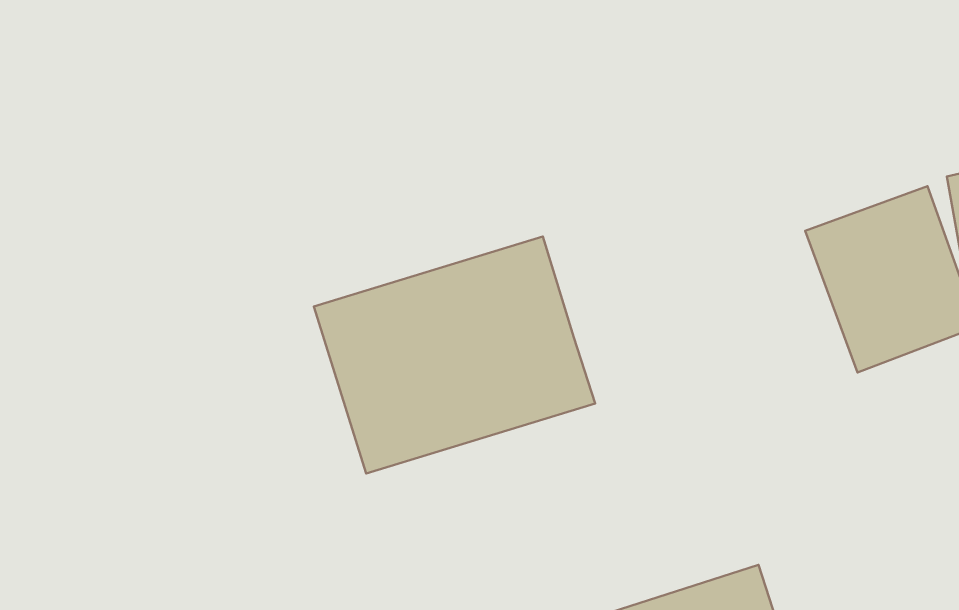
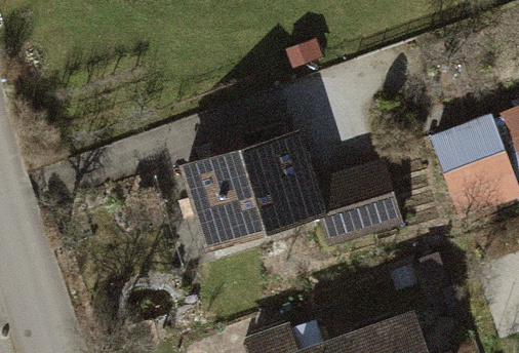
building: none -> [315,165,403,251]

